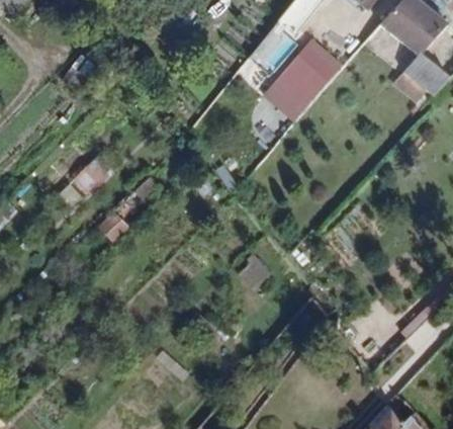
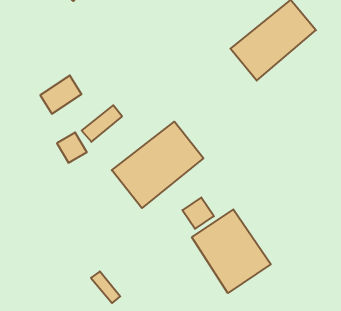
building: none -> [112,122,203,208]
building: none -> [192,209,271,293]

